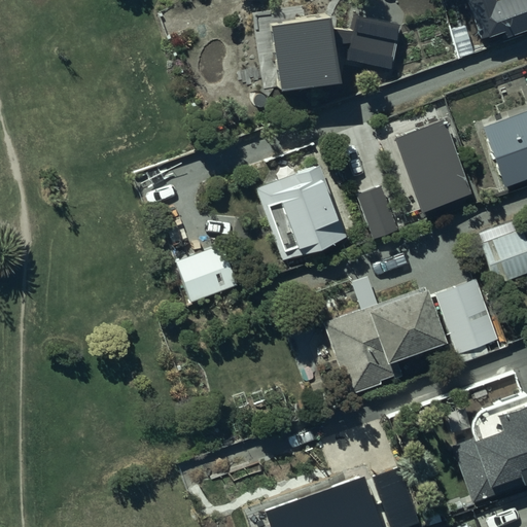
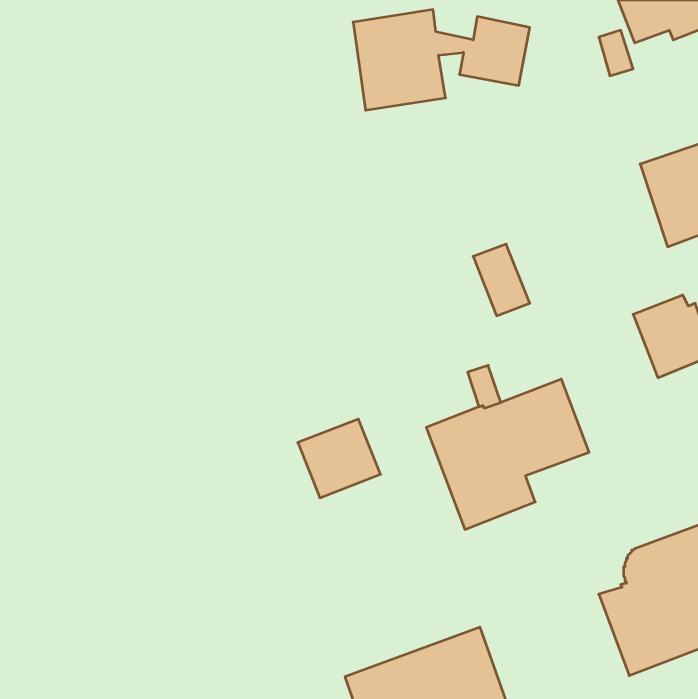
building: [391,119,470,213] -> none
building: [256,166,348,262] -> none
building: [175,246,237,305] -> [298,419,381,498]
building: [435,280,499,366] -> none

